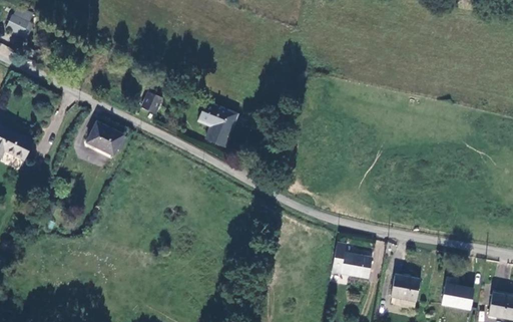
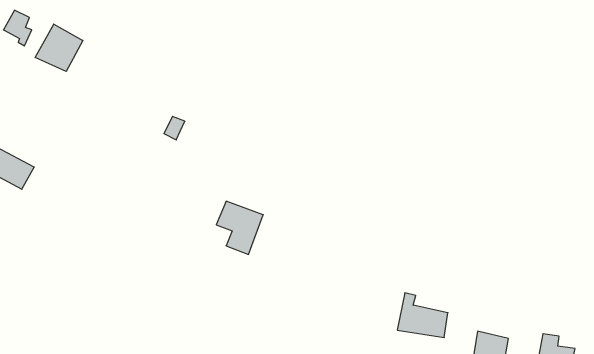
building: none -> [35,24,83,71]
building: [199,105,237,148] -> [216,201,263,254]
building: [88,123,123,154] -> none

